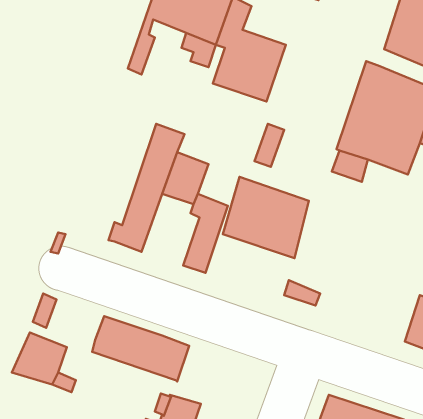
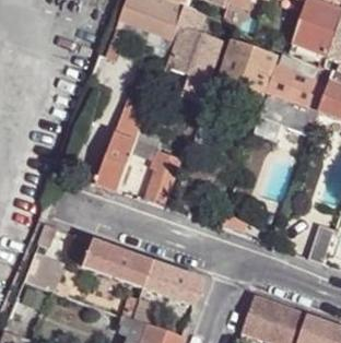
building: none -> [222,39,275,92]
building: [223,177,309,258] -> none
building: none -> [142,260,201,304]

